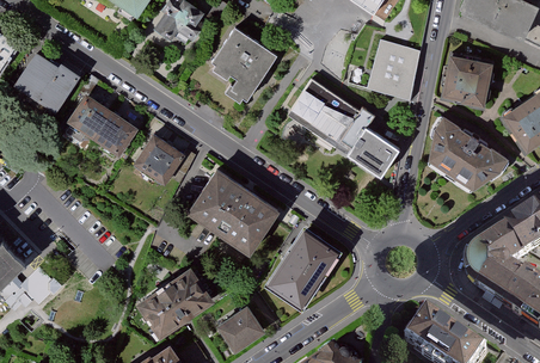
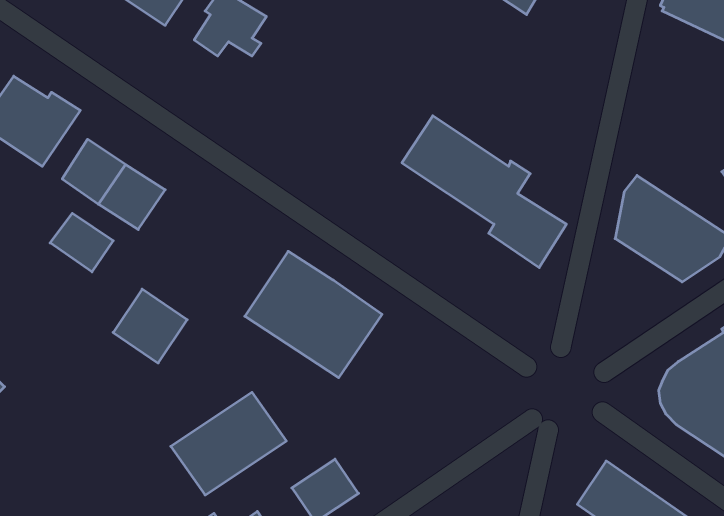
building: [213,26,278,101] -> none
building: [368,39,421,100] -> none
building: [448,56,495,104] -> none
building: [135,133,184,182] -> [113,289,187,363]
building: none -> [50,213,113,272]
building: [270,229,337,302] -> none

